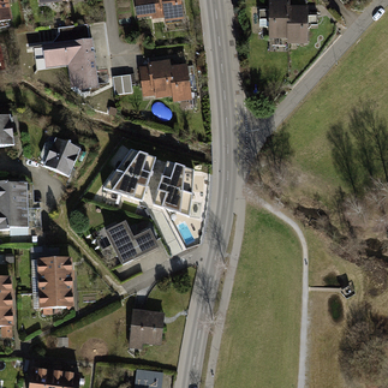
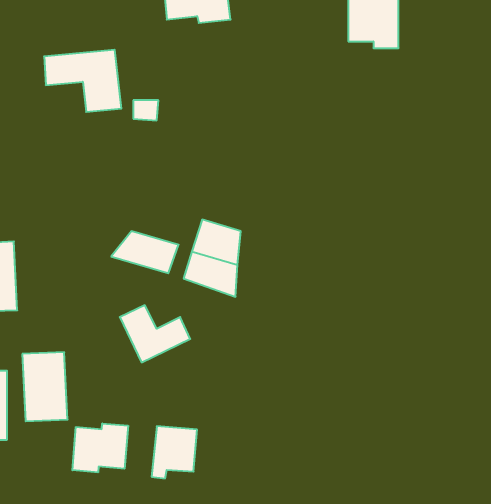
building: [141,56,189,99] -> none
building: [42,137,79,178] -> none
building: [114,151,154,181] -> none
building: none -> [72,423,128,472]

